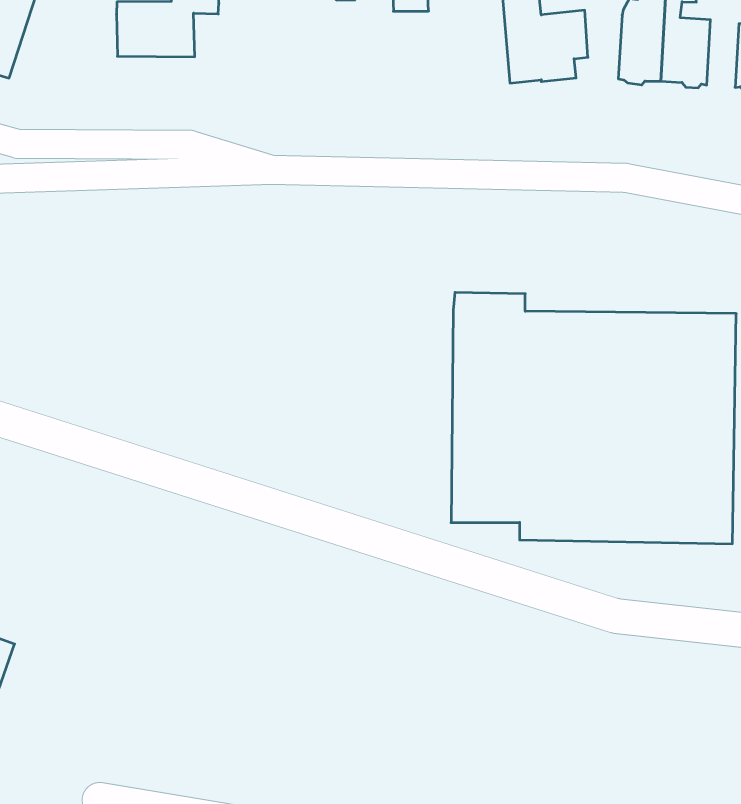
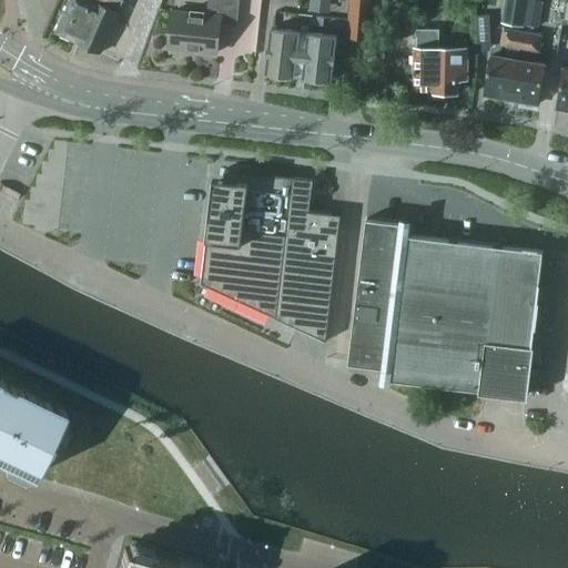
building: none -> [264,31,335,83]
building: none -> [200,171,339,344]

